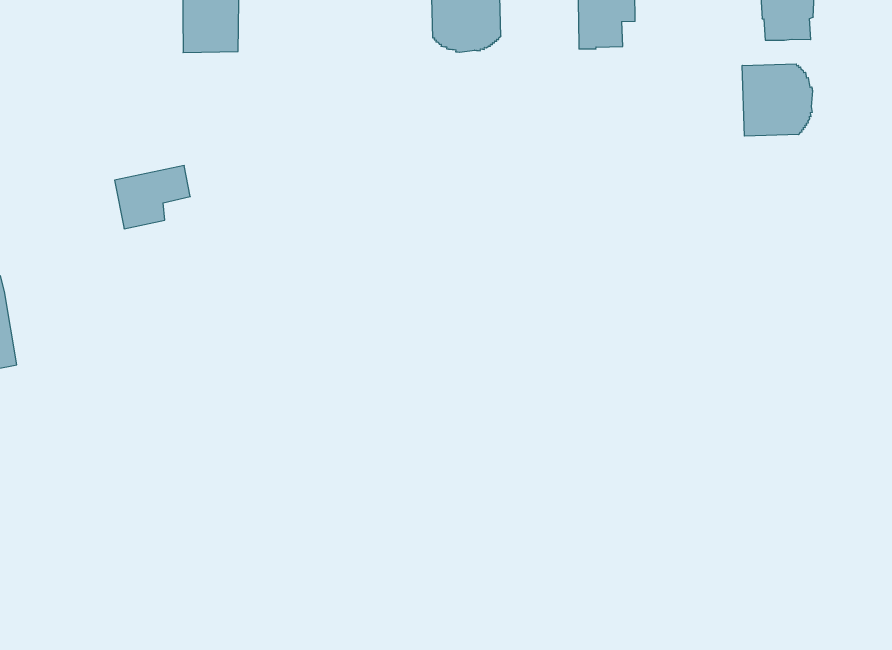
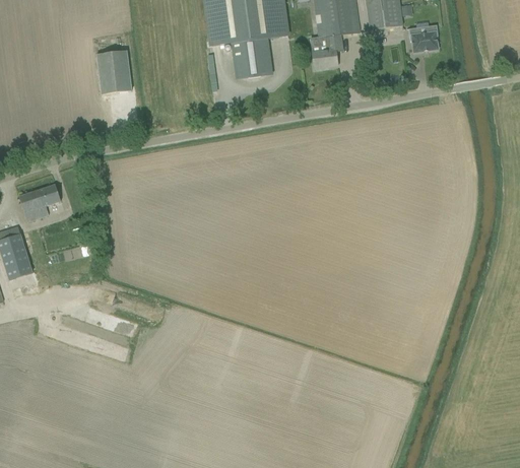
building: [742,64,812,136] -> none
building: [115,166,190,229] -> [18,184,60,221]

